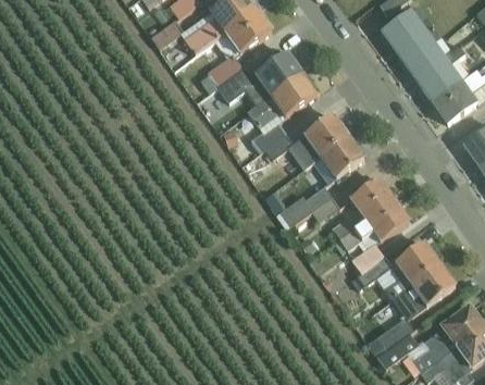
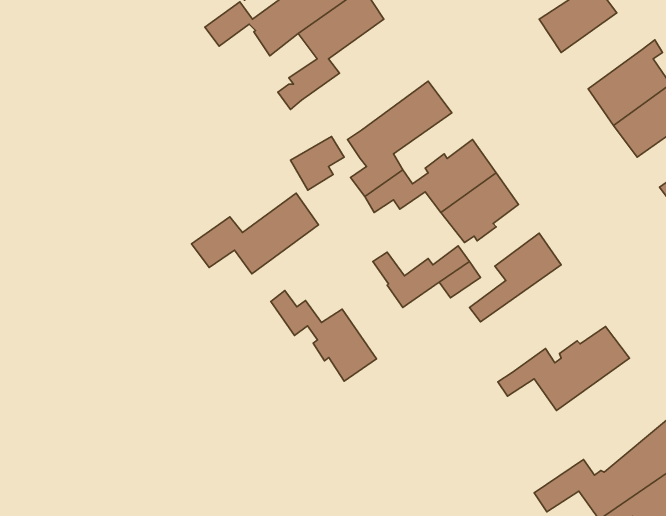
building: [395,25,450,77] -> none
building: [216,50,303,105] -> [192,193,318,274]
building: [334,198,411,272] -> none
building: none -> [271,291,376,381]
building: [368,262,457,355] -> none

